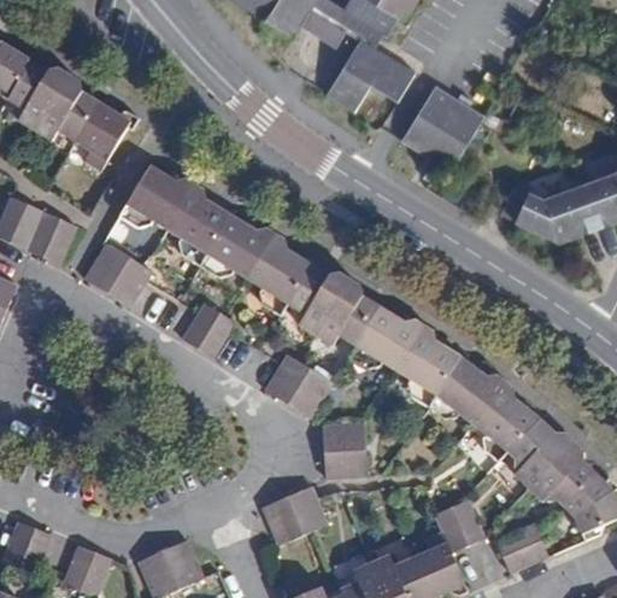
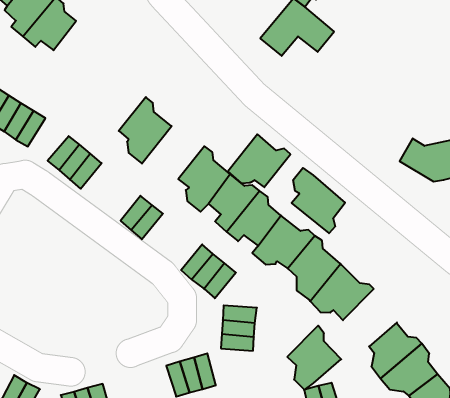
building: [400,84,482,169] -> none
building: [74,100,137,170] -> none
building: [119,164,194,228] -> none
building: [200,213,274,277] -> [228,134,290,187]
building: none -> [292,168,345,233]
building: [471,380,537,461] -> [287,326,341,390]

